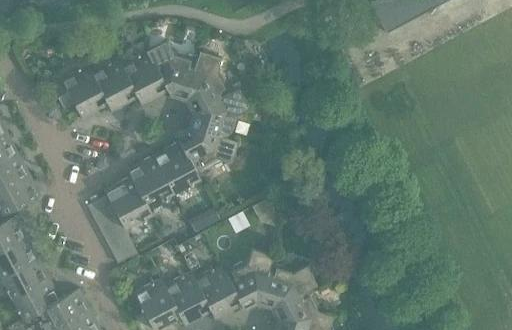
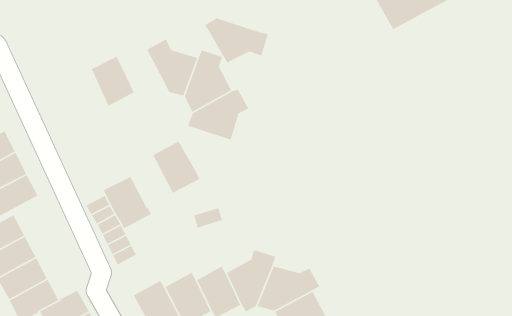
building: [121,53,165,102] -> none
building: [51,66,106,116] -> none
building: [174,128,237,173] -> [204,18,269,64]
building: [126,156,172,207] -> none

